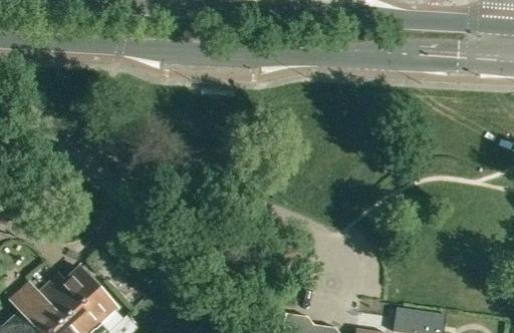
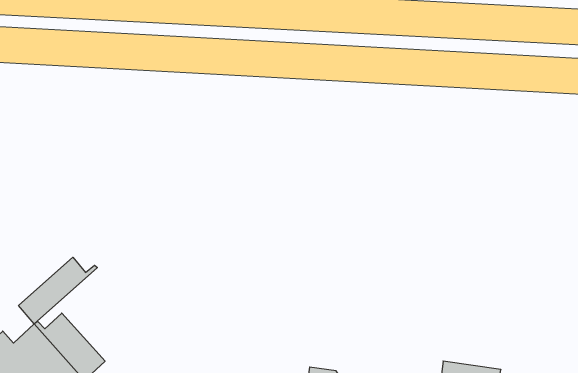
building: none -> [19,257,97,324]

